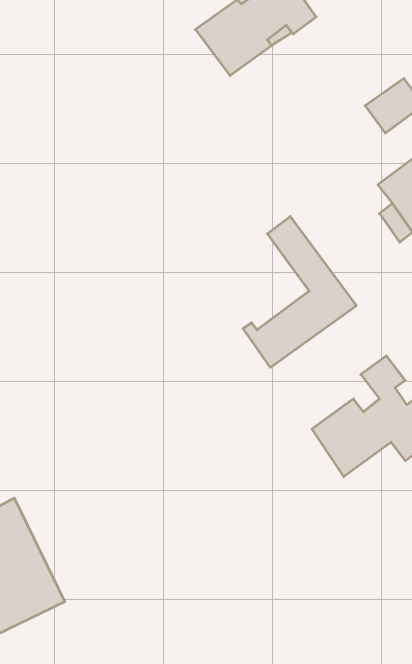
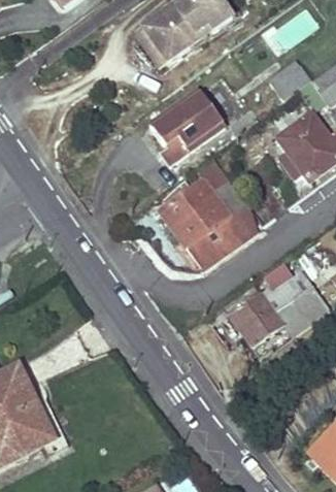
building: none -> [152,91,227,167]
building: none -> [159,181,228,242]

